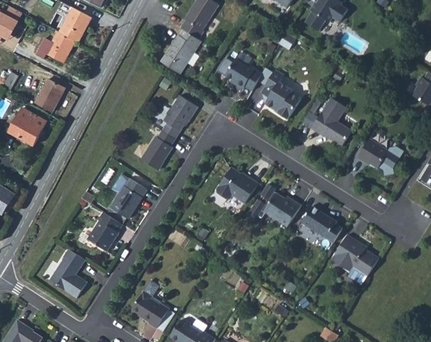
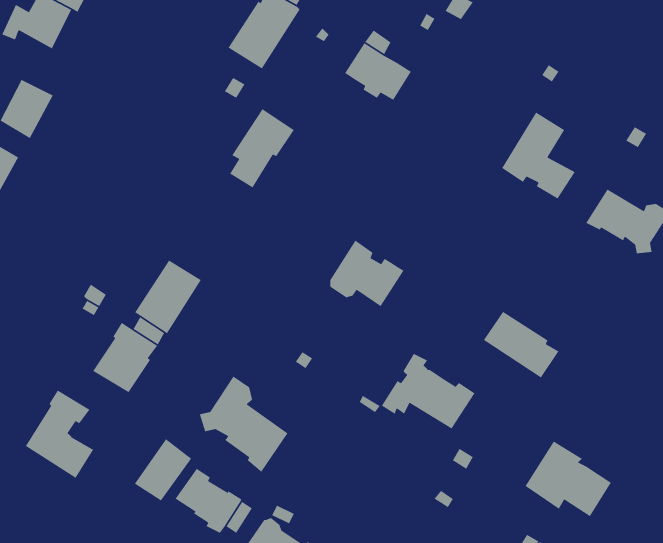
building: [259,70,300,120] -> none
building: [140,131,174,170] -> none
building: [248,184,300,226] -> [381,353,476,430]
building: [330,235,378,277] -> [524,440,612,517]
building: none -> [199,376,289,473]
building: none -> [134,438,192,501]

